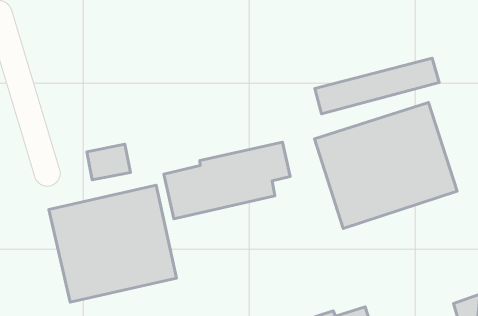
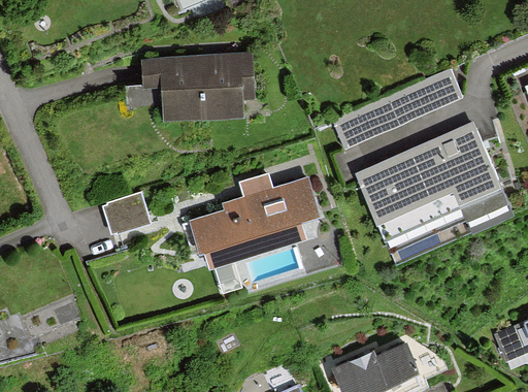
building: none -> [143,52,253,120]
building: [49,185,176,302] -> none

